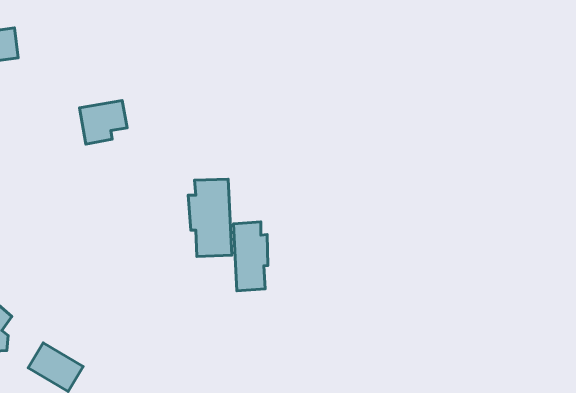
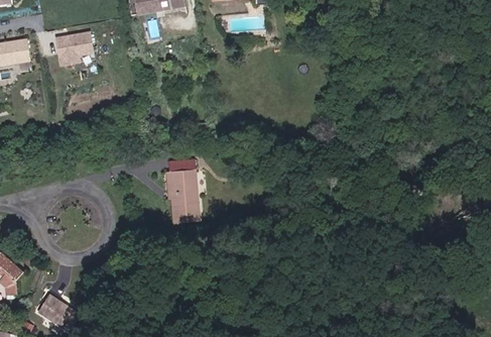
building: [80,100,127,144] -> [53,32,92,68]
building: [234,222,268,291] -> none

